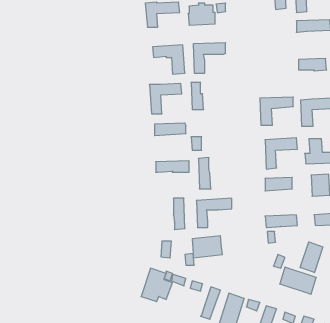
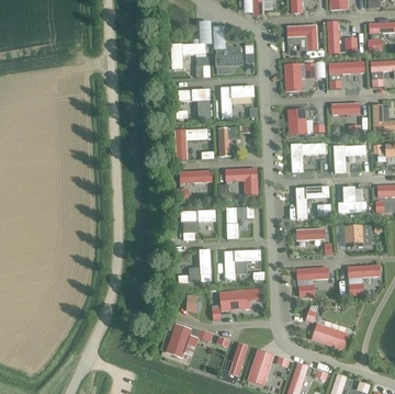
building: none -> [284,63,303,91]
building: none -> [287,109,307,135]
building: none -> [225,168,258,195]
building: [300,242,323,273] -> none

